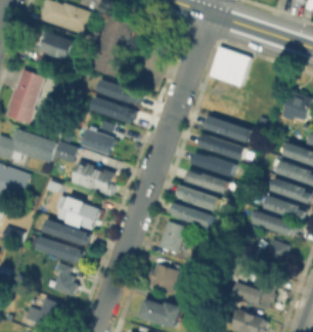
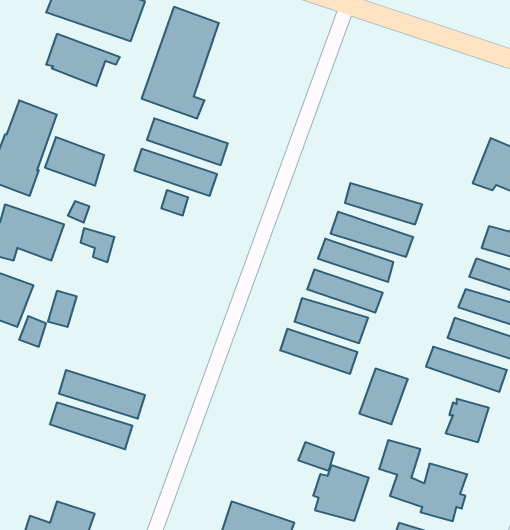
building: [210,47,251,87] -> none
building: [80,128,114,156] -> [45,137,104,186]
building: [72,162,116,197] -> none
building: [58,197,101,231] -> none
building: [159,221,186,253] -> [359,369,408,424]
building: [54,263,77,296] -> none
building: [147,263,179,295] -> [313,465,369,521]

